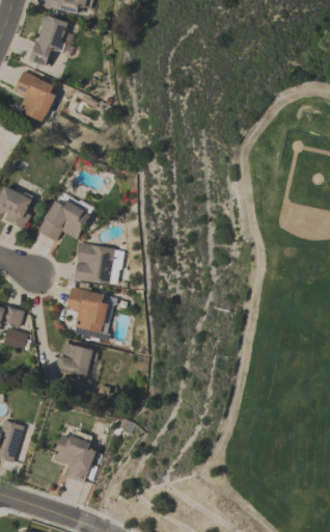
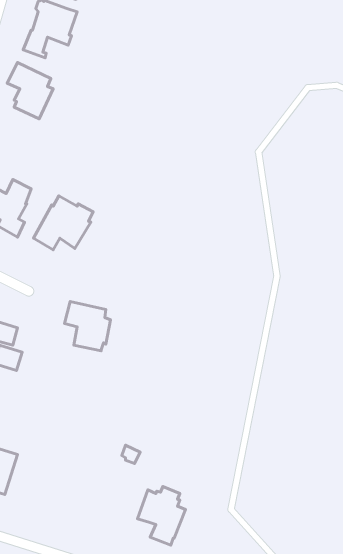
building: [74,242,122,284] -> none
building: [55,342,98,380] -> none
building: [53,430,97,483] -> [137,486,186,545]

